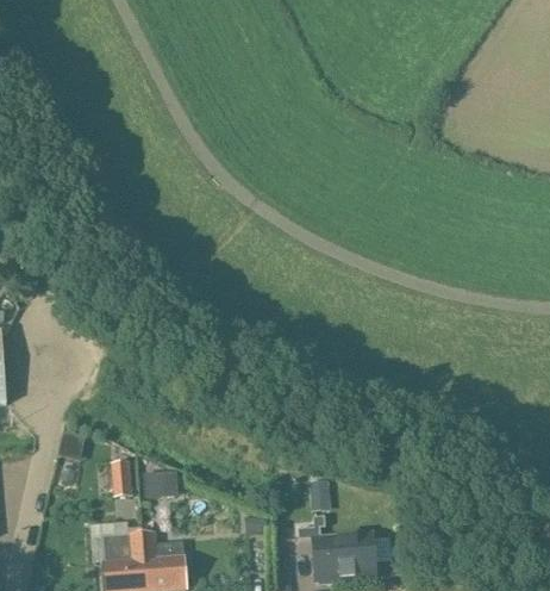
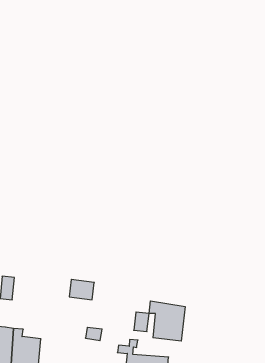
building: none -> [149,301,185,341]
building: [144,467,179,493] -> [69,279,94,300]

